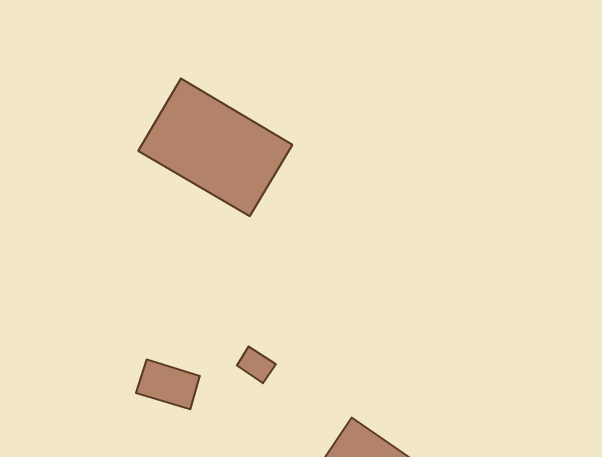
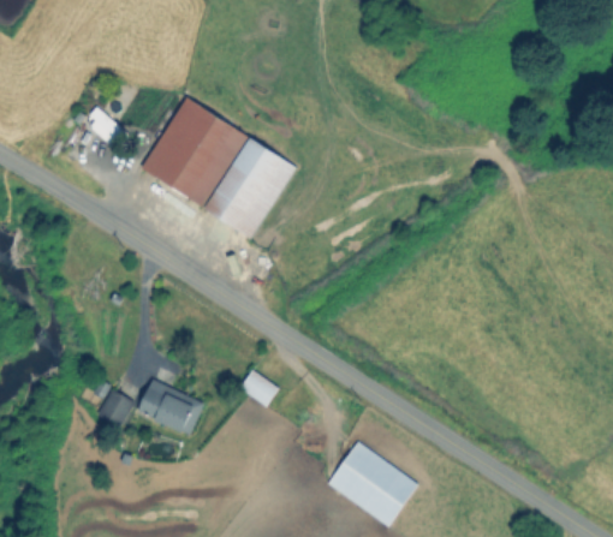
building: none -> [87,109,124,144]
building: none -> [99,389,135,426]

